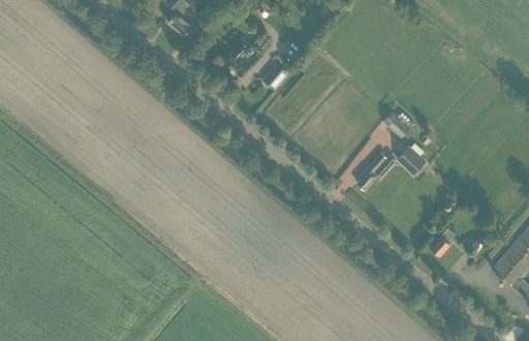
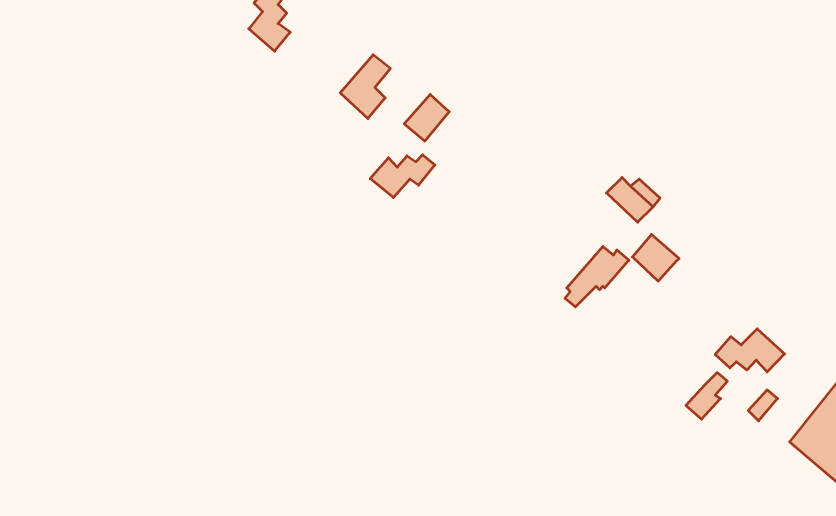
building: none -> [370,155,435,198]
building: none -> [715,329,785,372]

